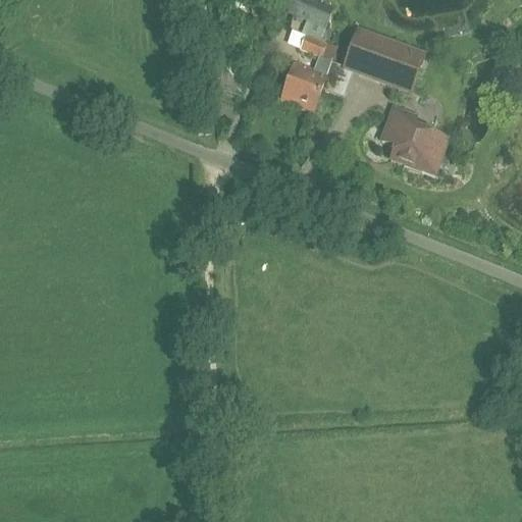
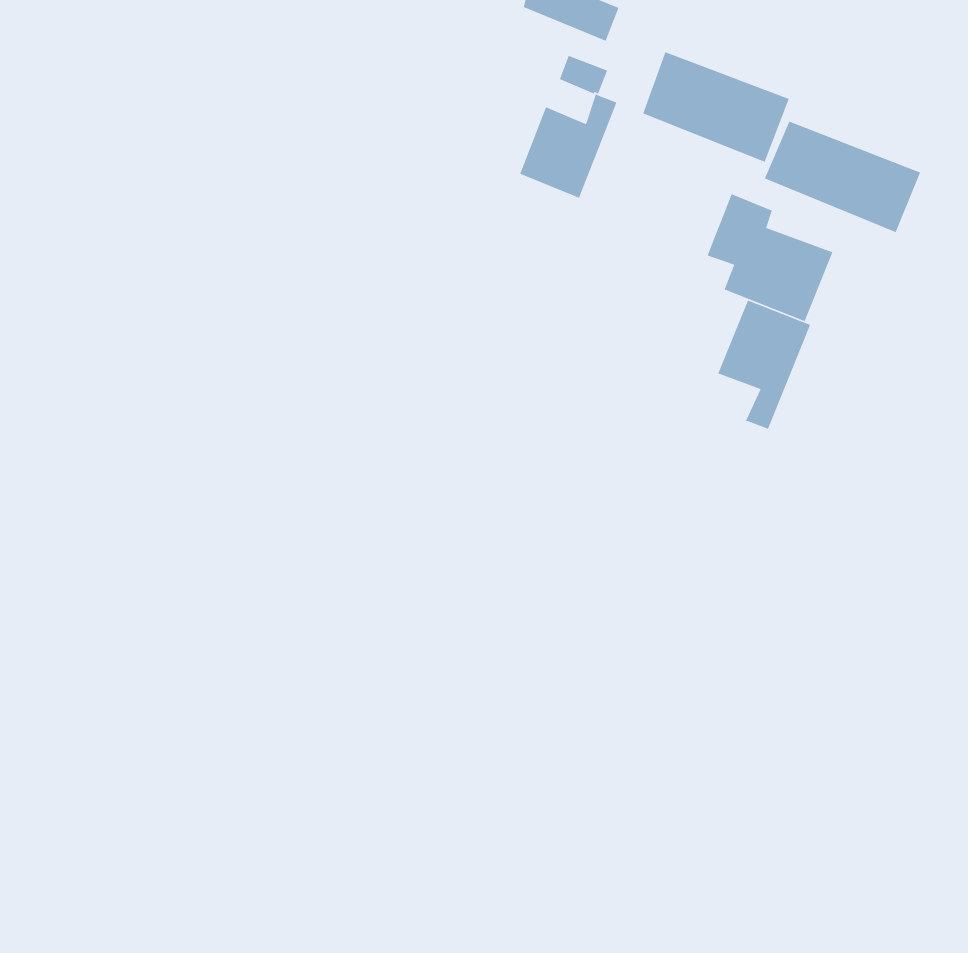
building: none -> [764,121,921,233]
building: none -> [717,300,811,430]

